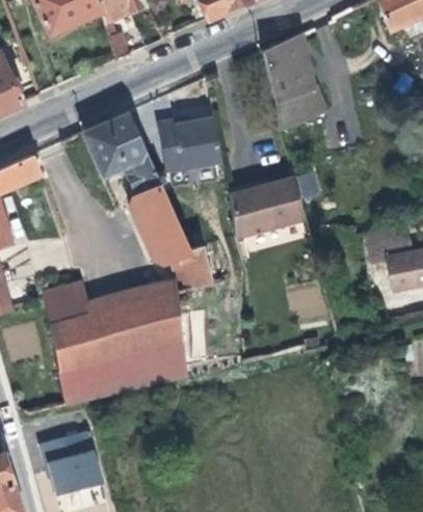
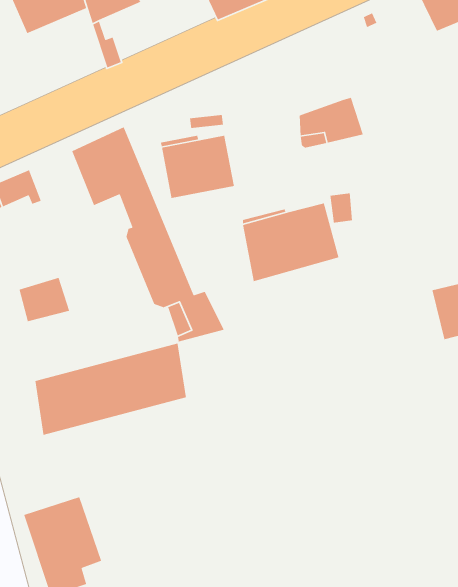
building: [262,36,313,100] -> none
building: [45,287,88,325] -> [18,277,70,322]
building: [59,340,186,401] -> none

